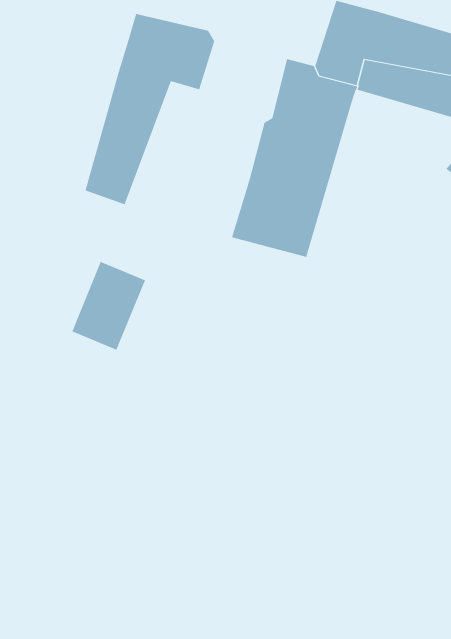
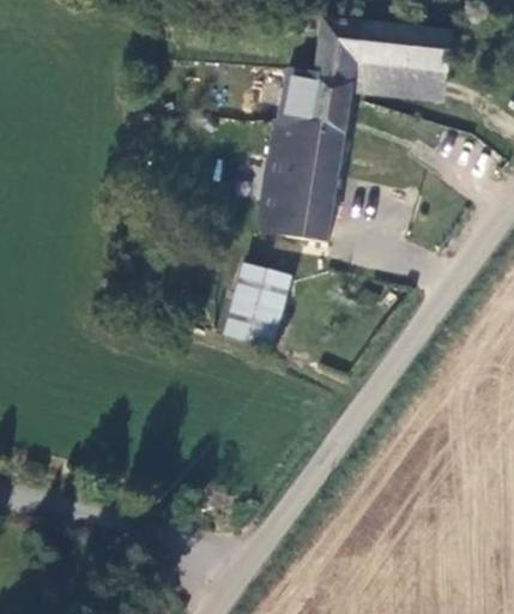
building: [85,13,215,205] -> none
building: [71,261,146,351] -> [228,266,288,343]

